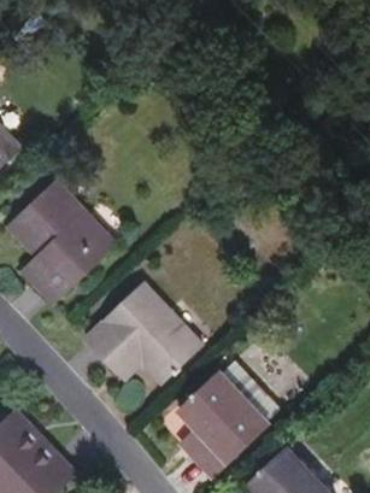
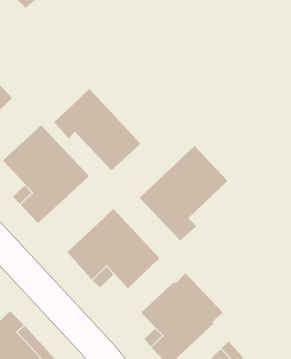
building: none -> [54,88,141,171]
building: none -> [139,145,228,241]

